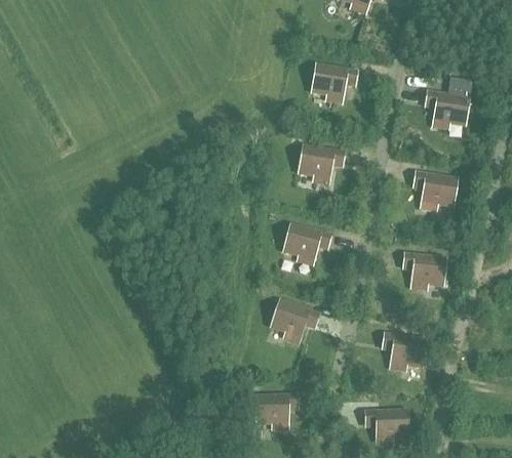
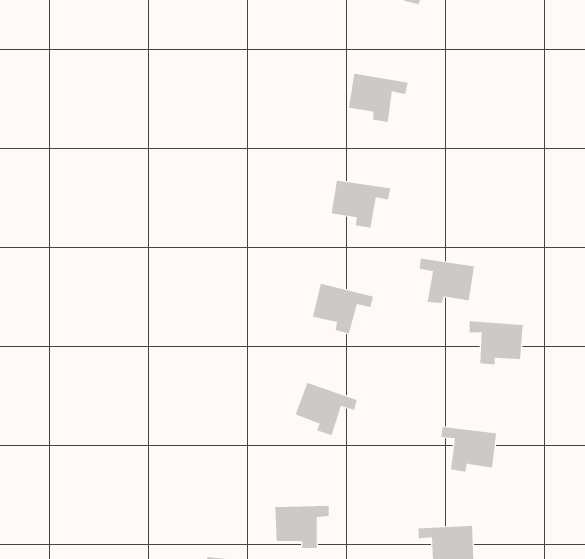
building: [426,76,469,126] -> none
building: [415,172,458,207] -> [419,258,475,304]

